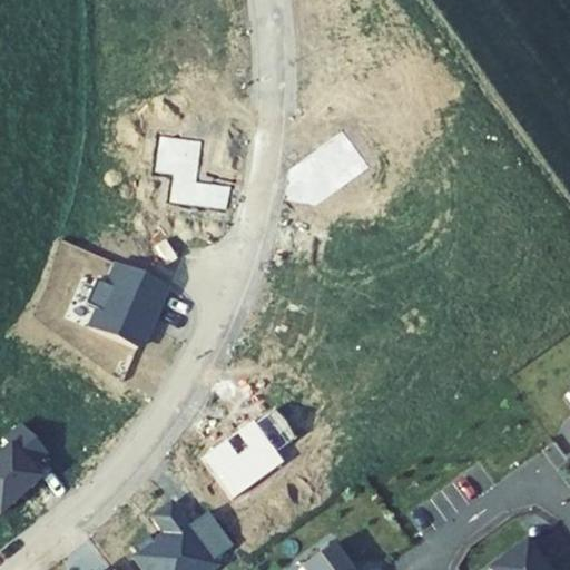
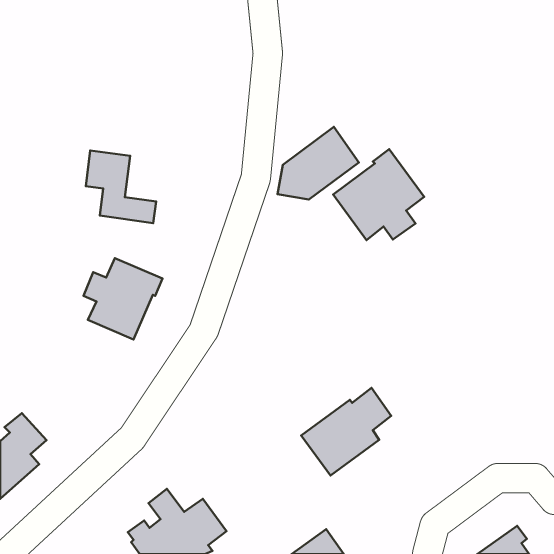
building: [156,135,228,209] -> [86,151,156,223]
building: none -> [333,149,424,240]
building: [203,410,295,500] -> [301,388,391,476]

